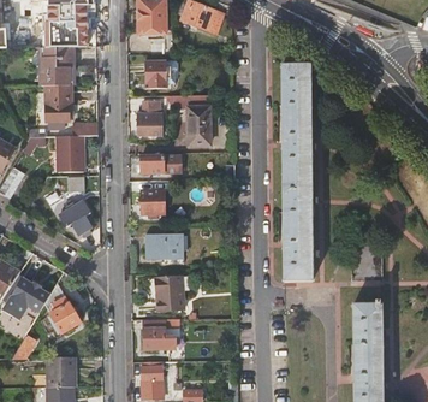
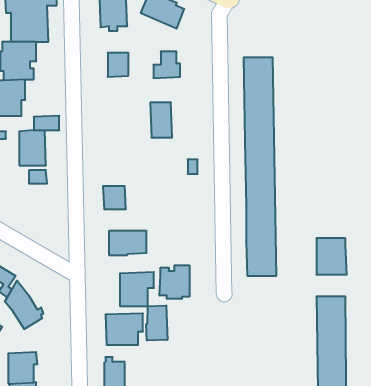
building: [136,99,162,125] -> [153,51,180,78]
building: [141,155,182,172] -> none
building: [59,202,90,235] -> none
building: none -> [159,265,189,299]
building: none -> [146,305,167,341]

